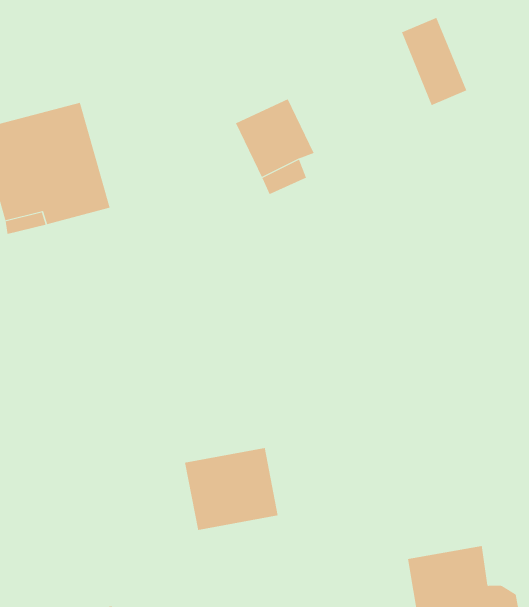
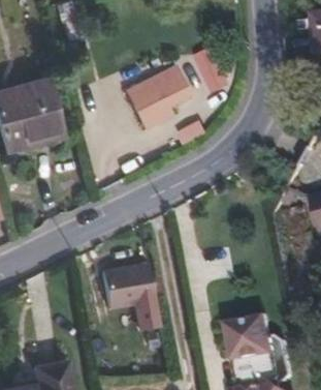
building: [401,17,467,106] -> [195,48,231,96]
building: none -> [161,63,198,103]

